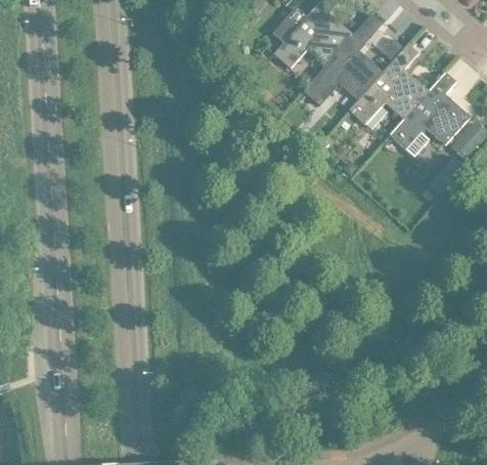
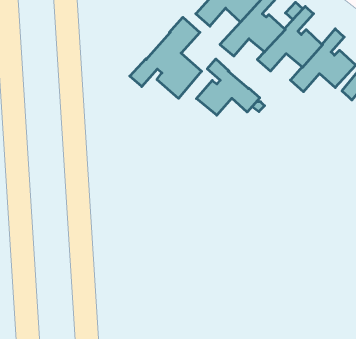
building: none -> [130,17,202,98]
building: none -> [196,59,260,115]

